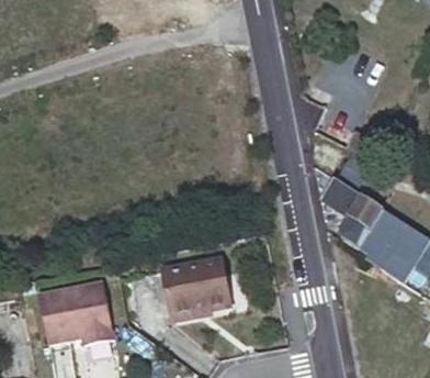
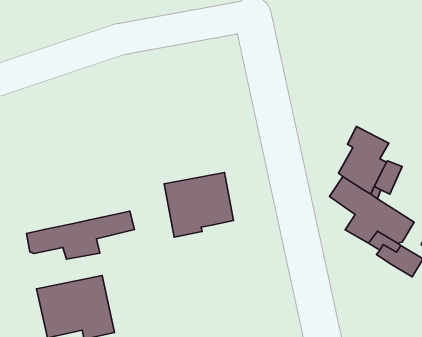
building: none -> [27,211,134,259]
building: [162,256,230,320] -> [164,173,233,237]

